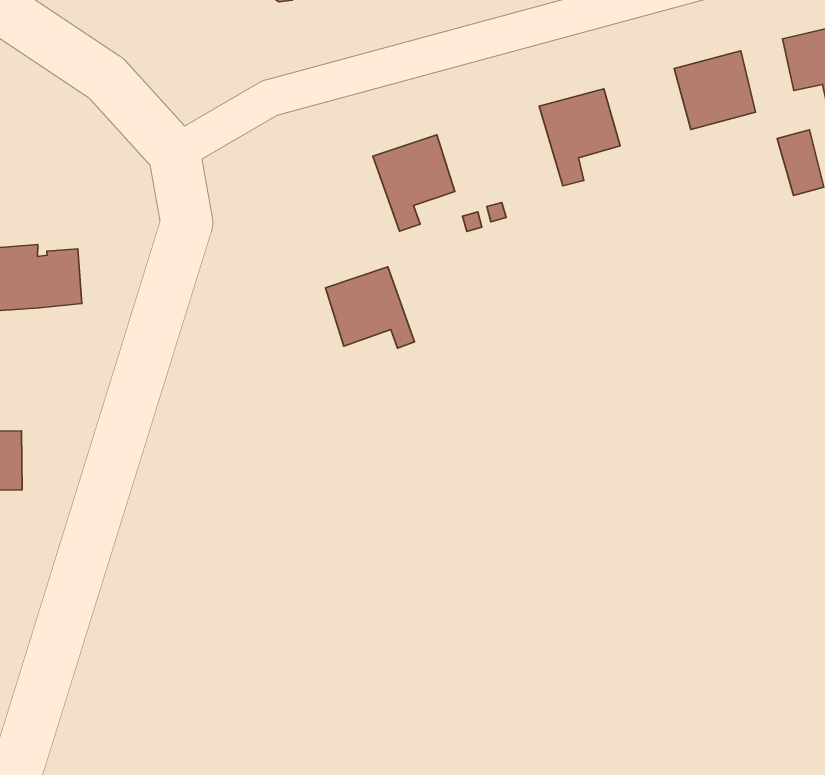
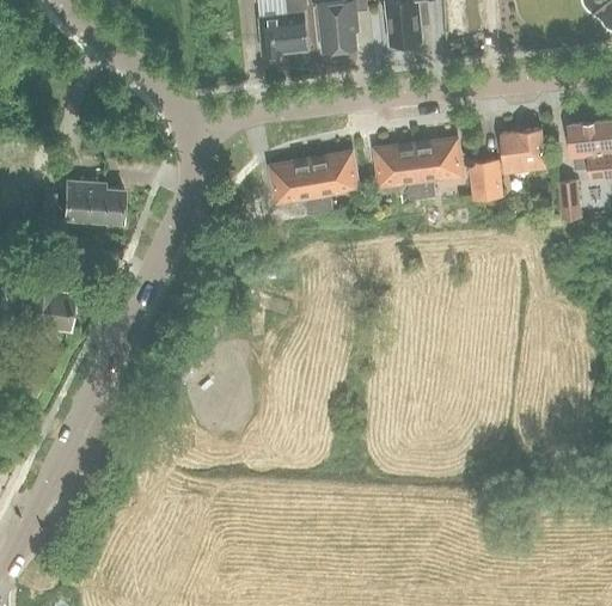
building: none -> [377,143,423,195]
building: none -> [470,159,503,200]
building: [326,267,414,348] -> [271,159,320,209]

